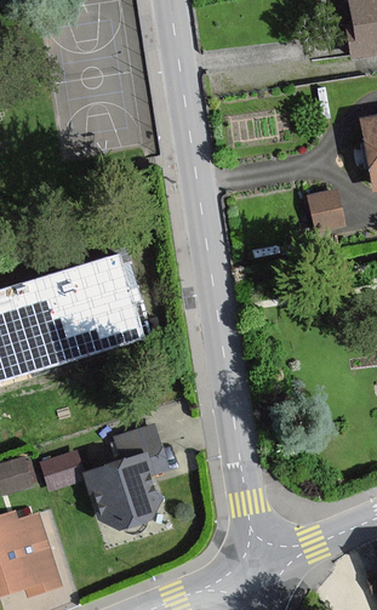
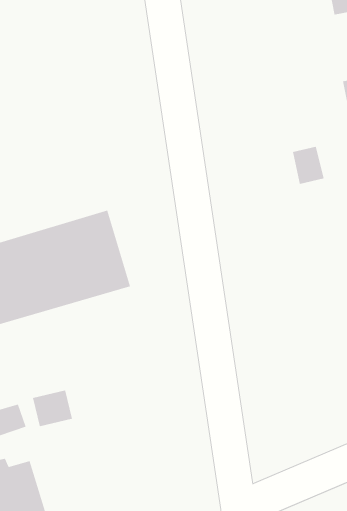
building: [86,428,165,528] -> none

